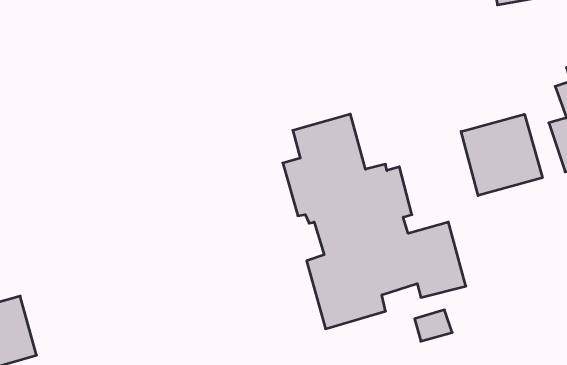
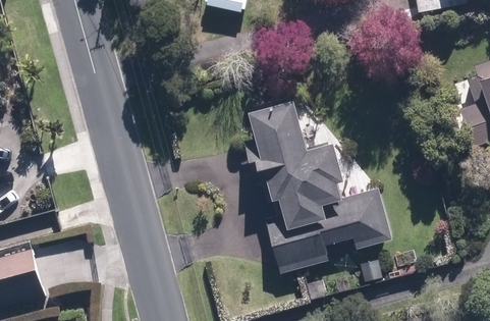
building: [461,114,542,196] -> none

